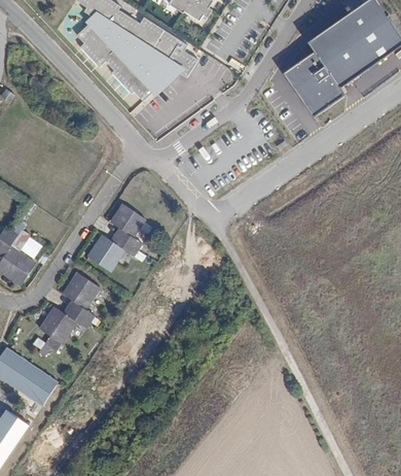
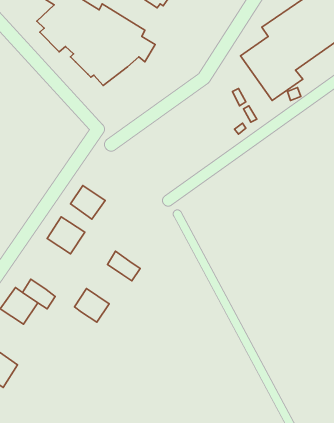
building: [110,226,143,256] -> [108,251,140,281]
building: [64,273,99,307] -> [74,289,109,322]

